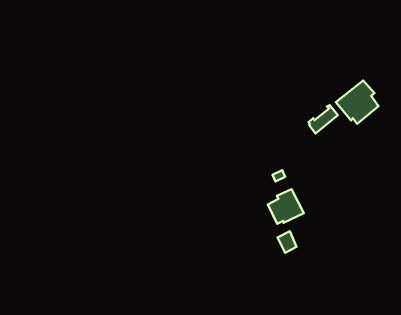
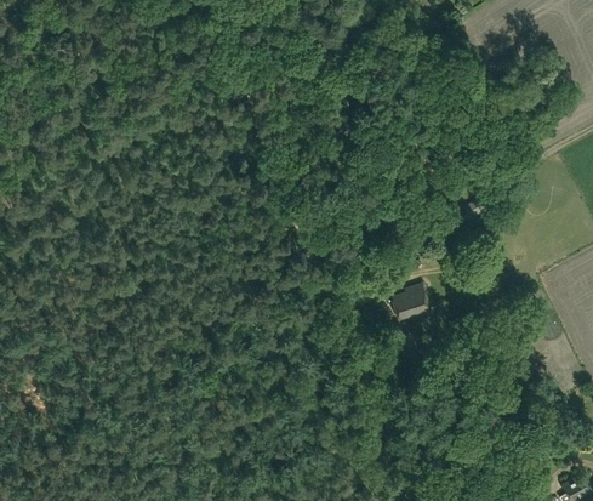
building: [336,80,379,124] -> none

